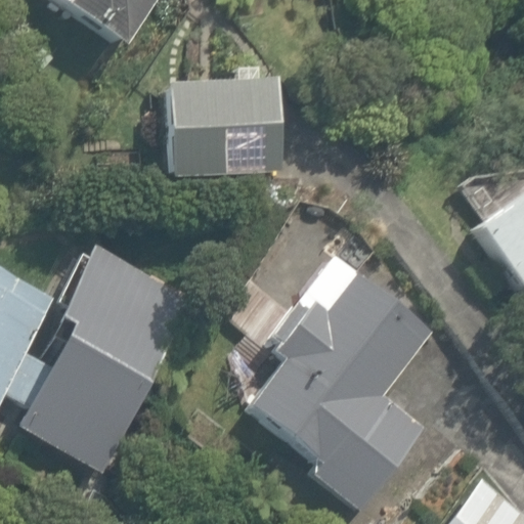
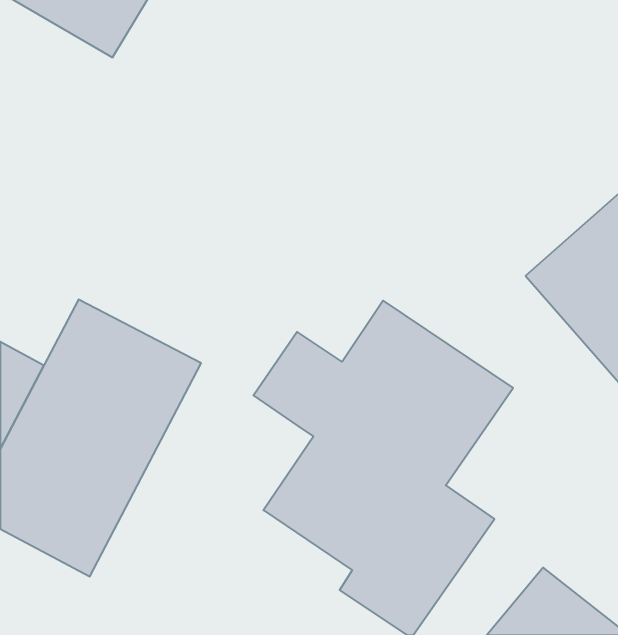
building: [147,61,279,177] -> none

